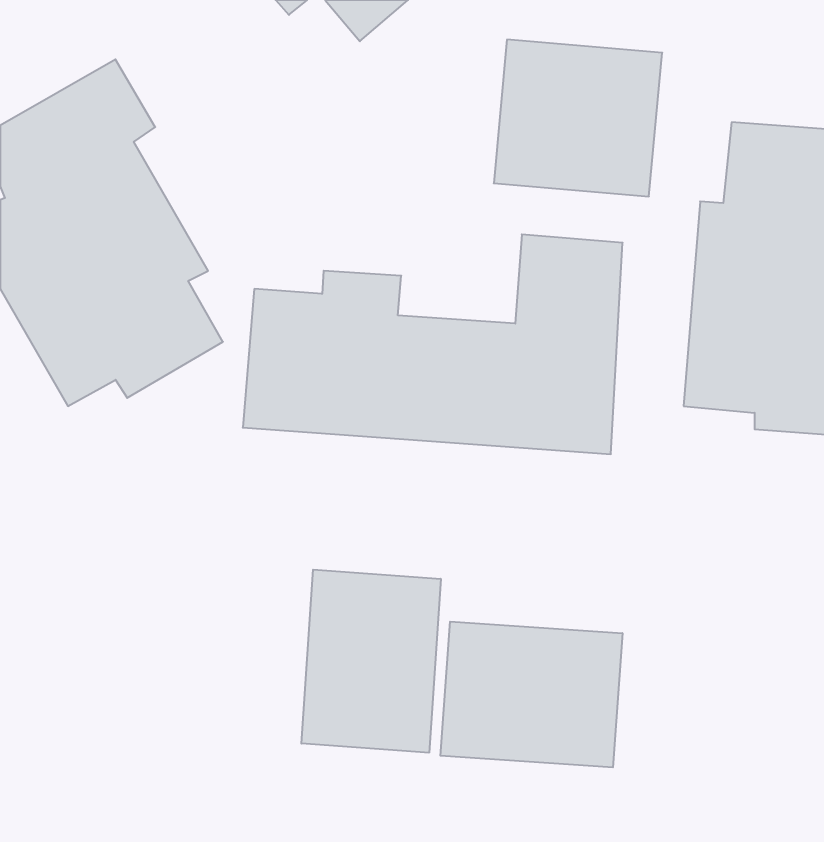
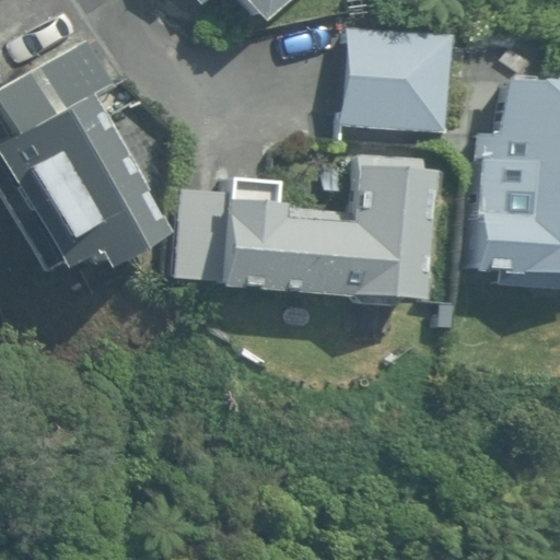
building: [301,570,441,753] -> none
building: [440,622,622,767] -> none

